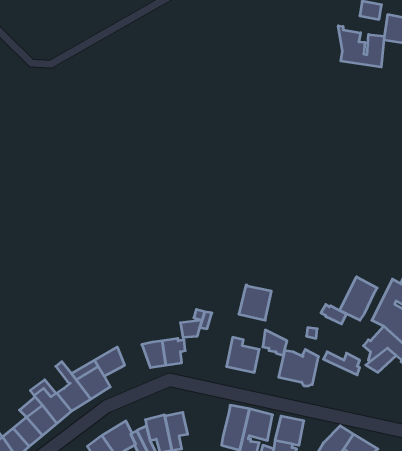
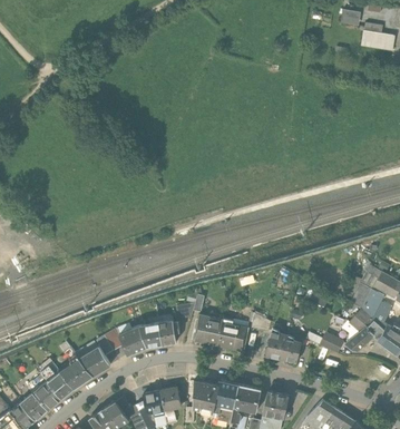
building: [338,26,384,67] -> none
building: [340,277,377,320] -> none
building: [239,285,271,320] -> [194,313,224,345]
building: none -> [118,322,148,354]
building: none -> [194,382,221,410]

